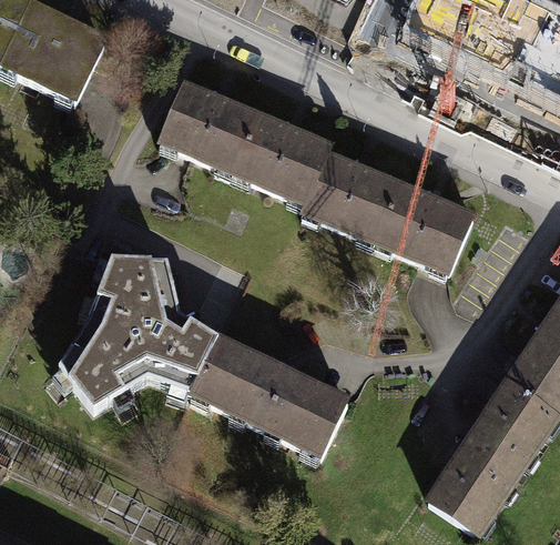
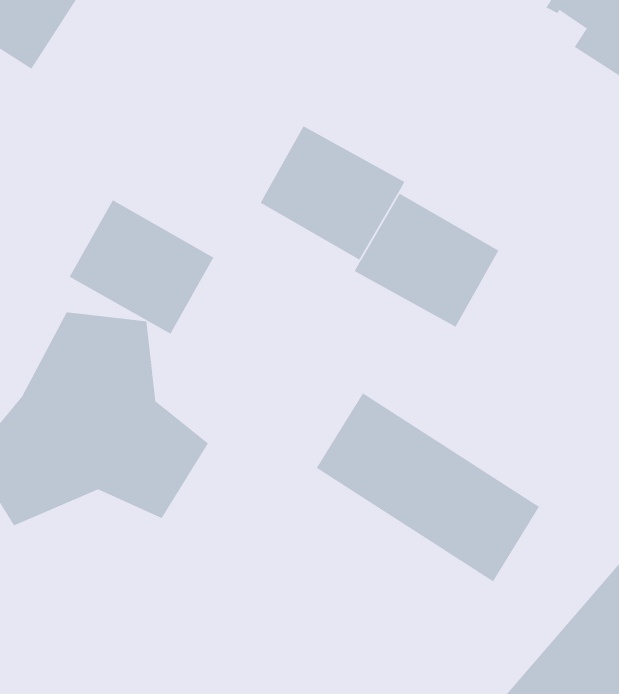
building: [162,82,258,169] -> [69,200,214,335]
building: [377,182,474,270] -> none
building: [194,335,348,453] -> [316,393,540,582]

